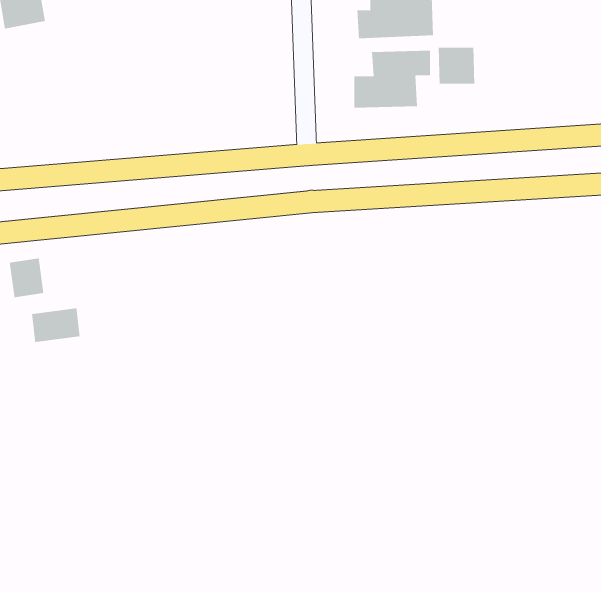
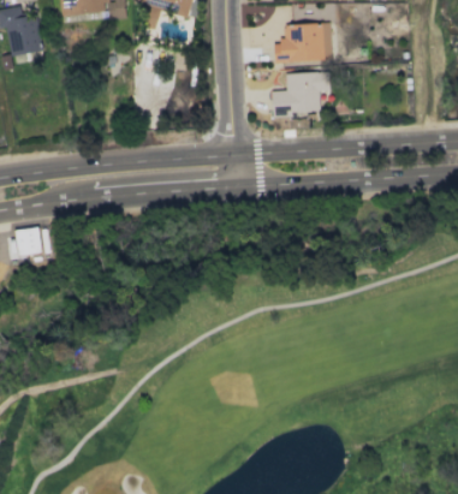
building: [438,47,475,85] -> none
building: [32,307,80,343] -> none

